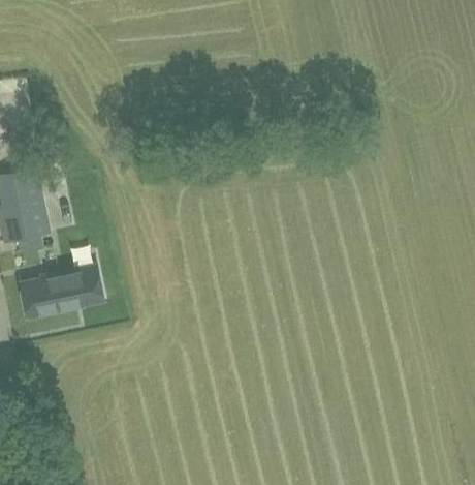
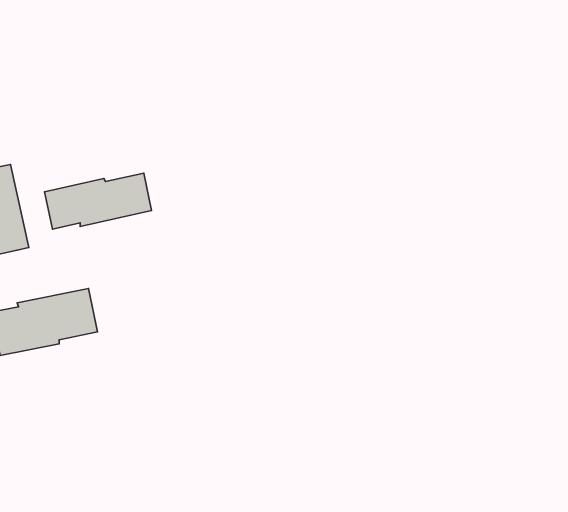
building: none -> [45,173,152,229]

